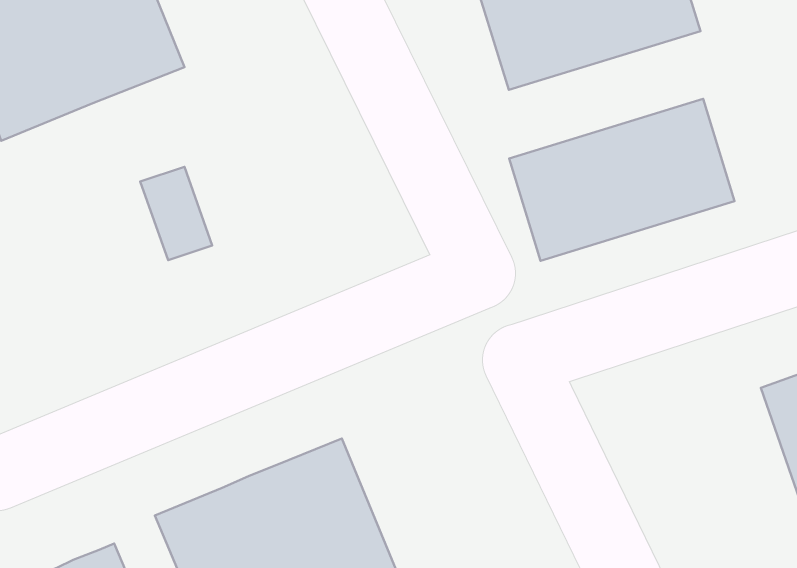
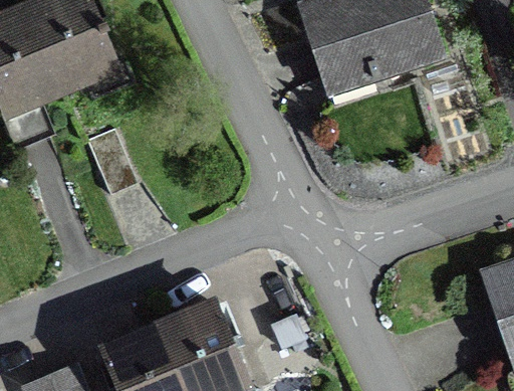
building: [509,99,735,261] -> none

